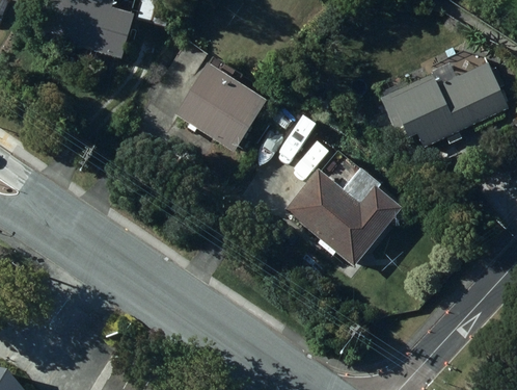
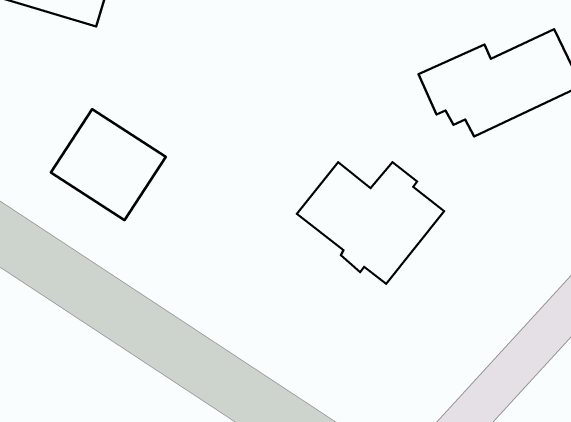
building: [172,61,265,151] -> [51,109,166,220]

